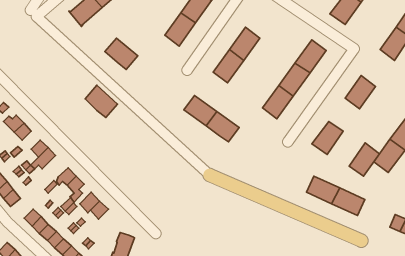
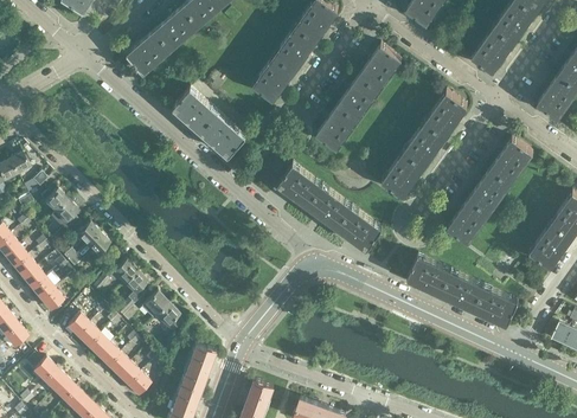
building: none -> [360,46,400,90]
building: [85,85,117,118] -> [203,114,245,156]
building: none -> [338,208,382,250]
building: [349,143,380,176] -> [470,169,511,213]
building: none -> [408,257,450,294]

